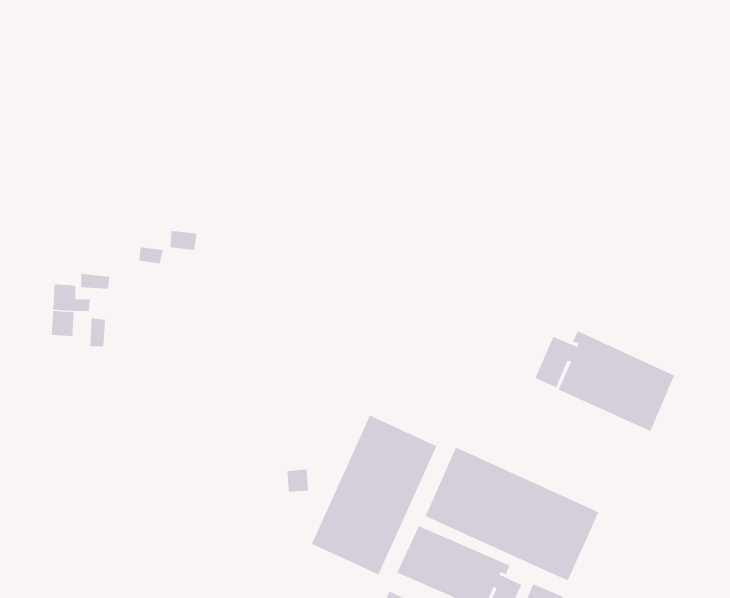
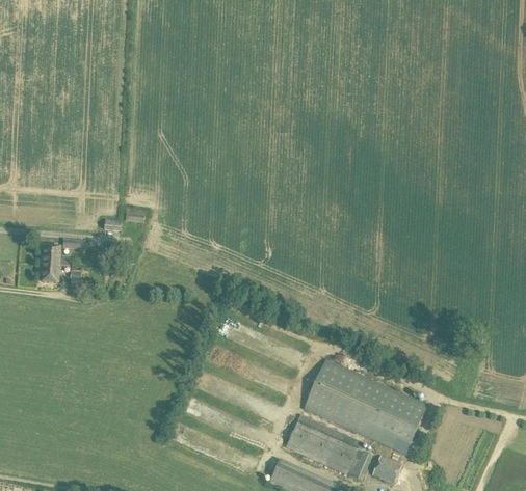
building: [534,330,675,432] -> none
building: [311,415,438,575] -> none

